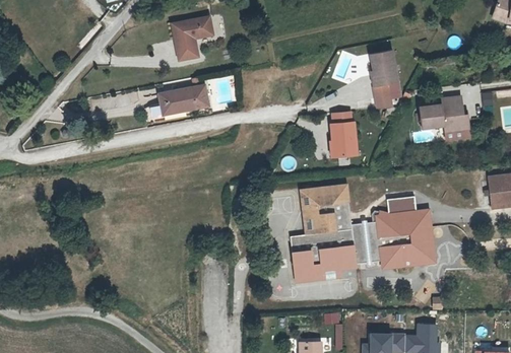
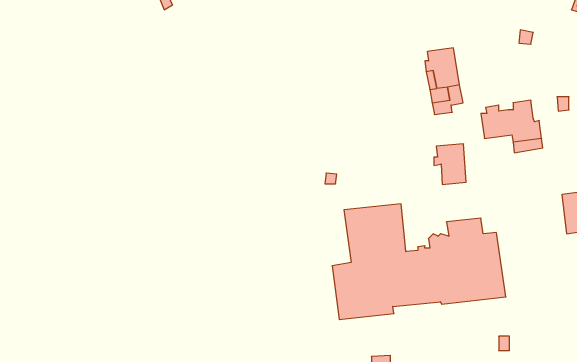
building: [170,17,209,60] -> none
building: [156,85,205,114] -> none
building: [327,122,355,156] -> [434,144,466,184]

